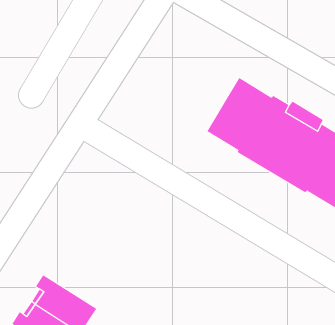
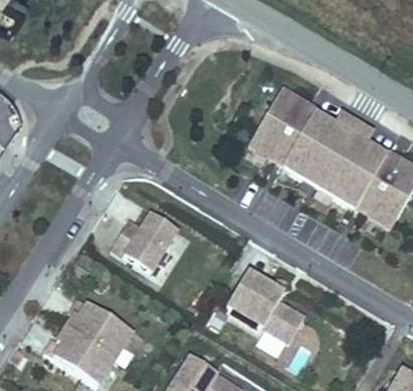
building: none -> [109,212,178,272]
building: none -> [226,270,305,344]

